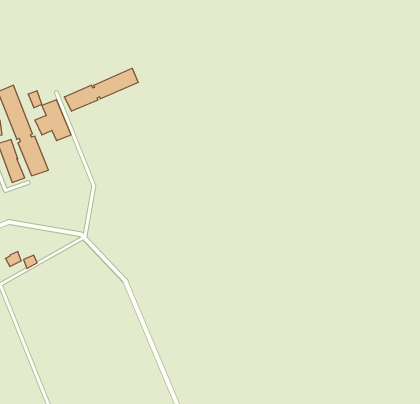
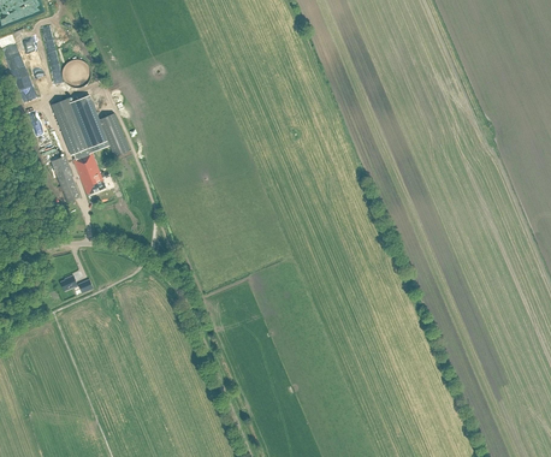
building: none -> [60,58,89,85]
building: [64,68,138,111] -> none

